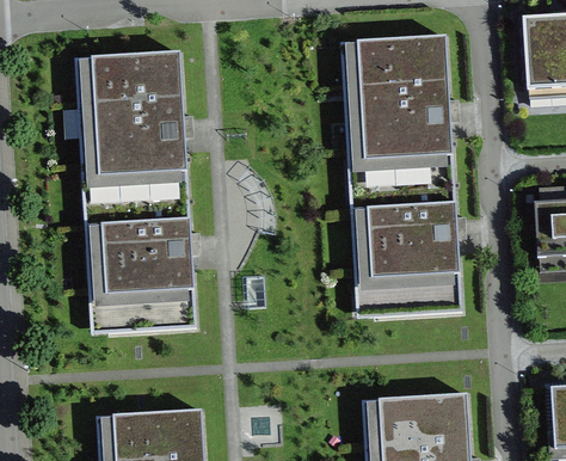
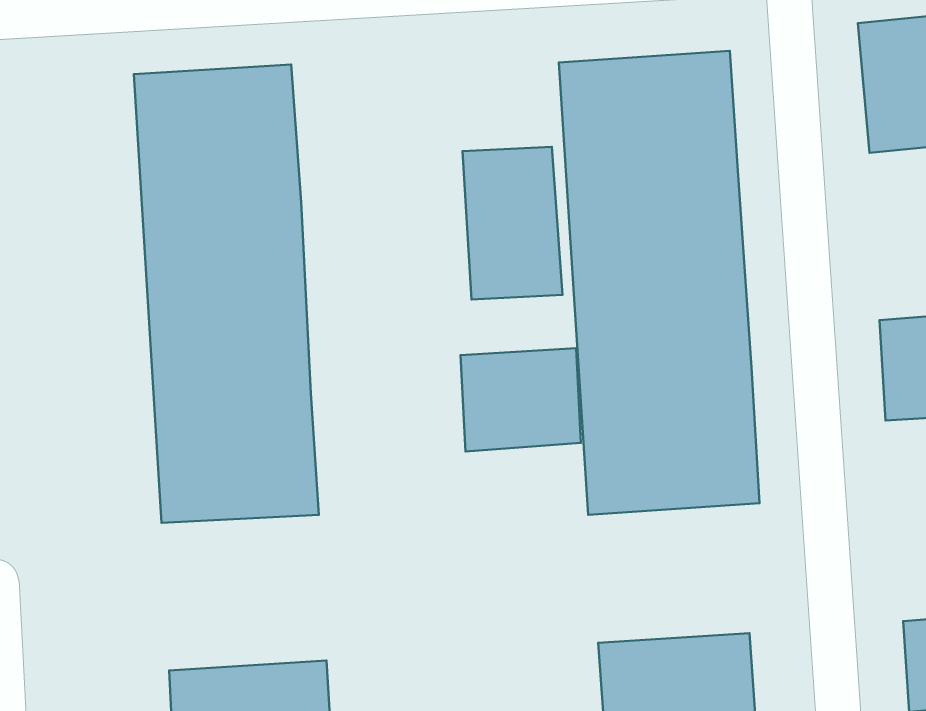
building: none -> [462,147,563,300]
building: none -> [460,348,581,452]

